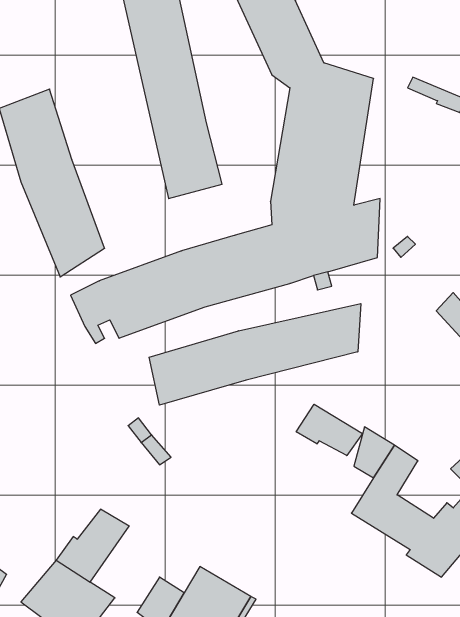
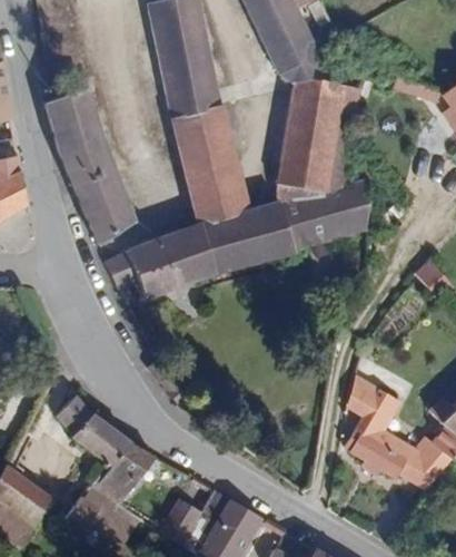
building: none -> [188,166,245,223]
building: [149,304,361,405] -> none
building: [296,404,363,456] -> none
building: none -> [56,395,130,469]

